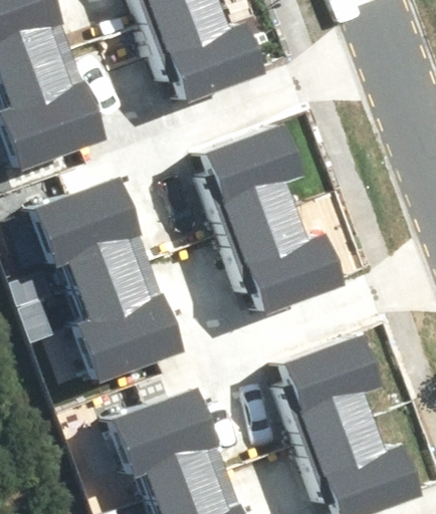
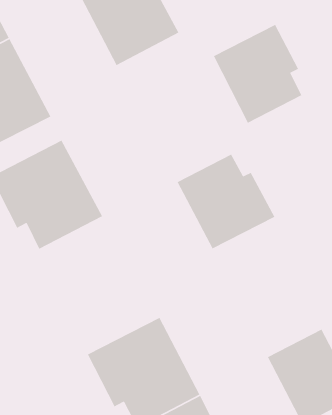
building: [205,130,297,235] -> [213,24,303,124]
building: [72,262,181,386] -> none
building: [278,334,371,440] -> none

